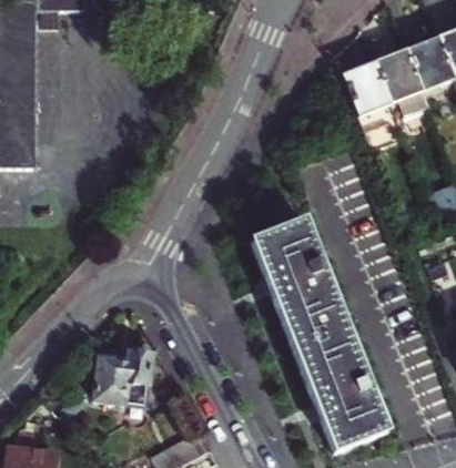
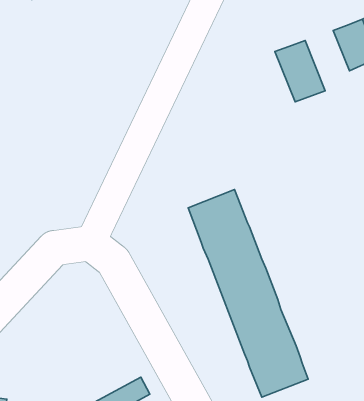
building: [383,47,436,113] -> none
building: [92,344,150,403] -> none

